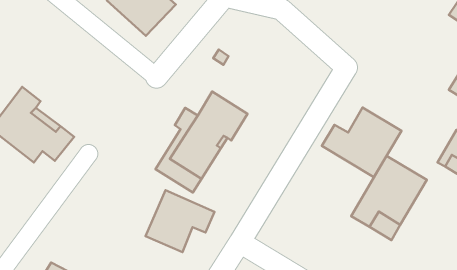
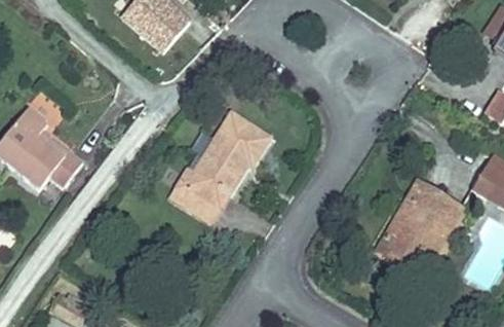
building: [322,107,402,177] -> none
building: [146,190,215,252] -> none

